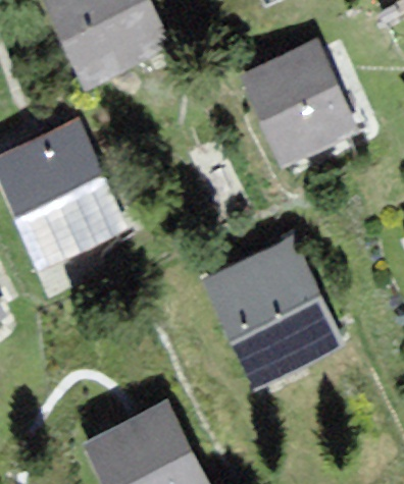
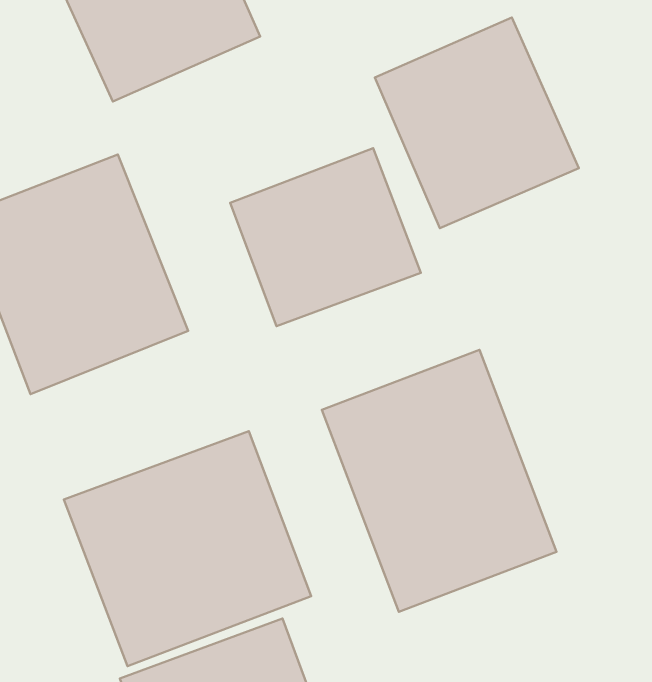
building: none -> [230,148,421,326]
building: none -> [64,431,311,666]

